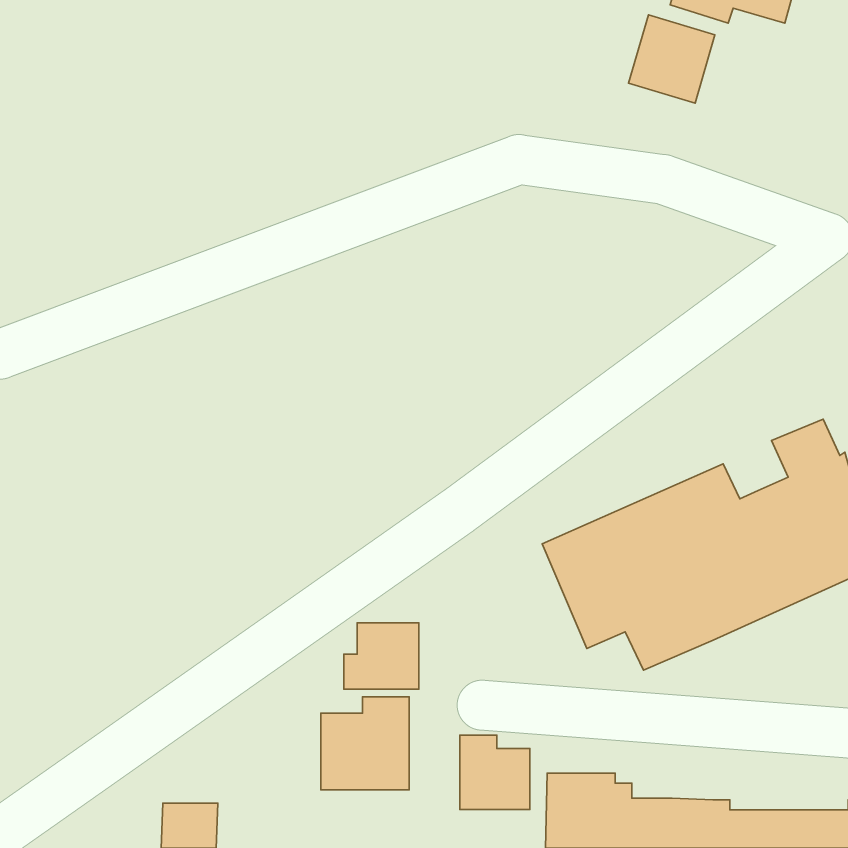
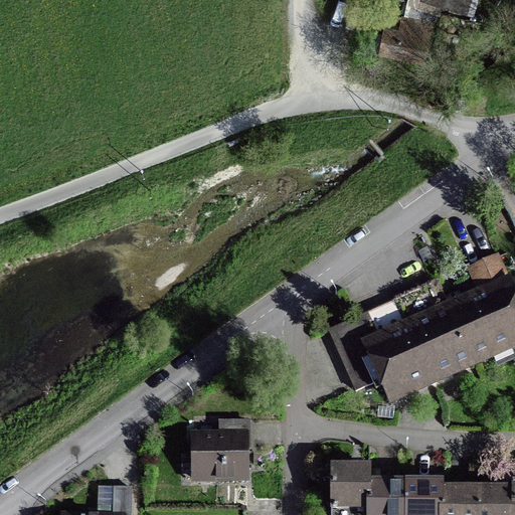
building: [344,623,419,689] -> none
building: [460,735,530,810] -> none

